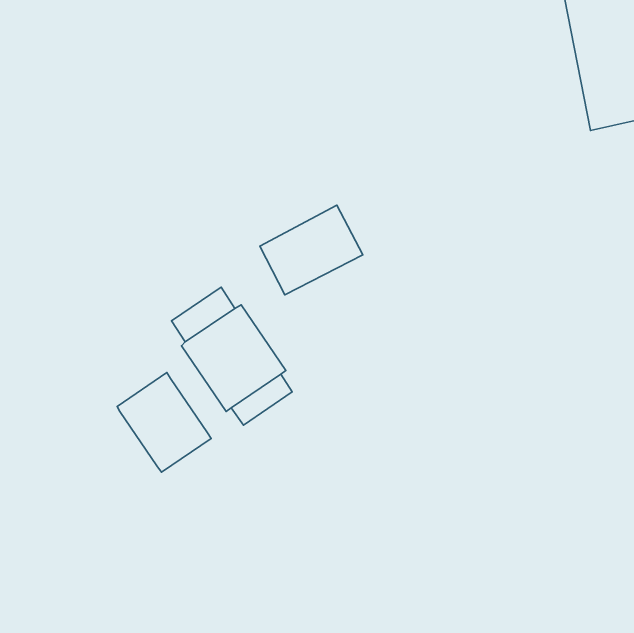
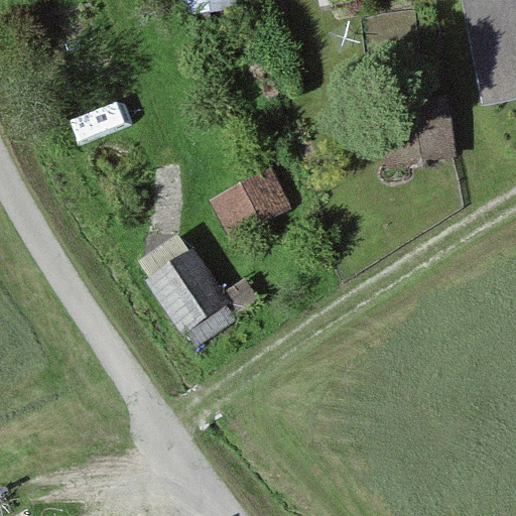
building: [117,373,211,472] -> none

